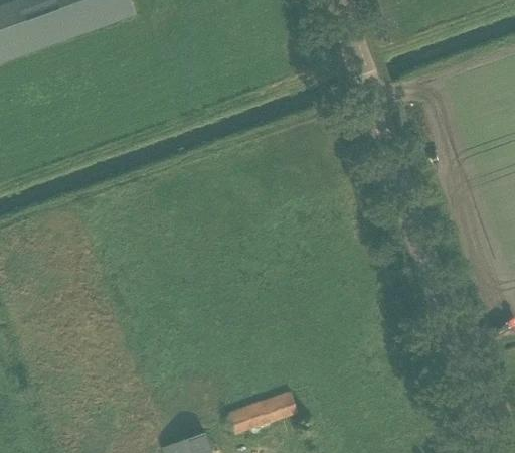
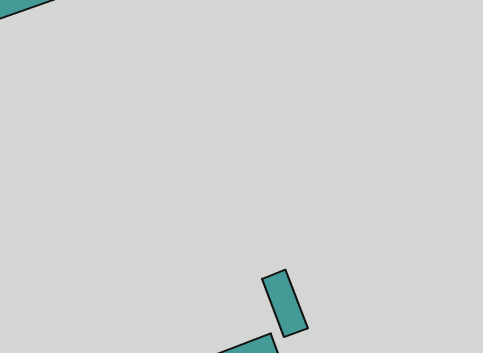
building: none -> [262,270,308,337]

